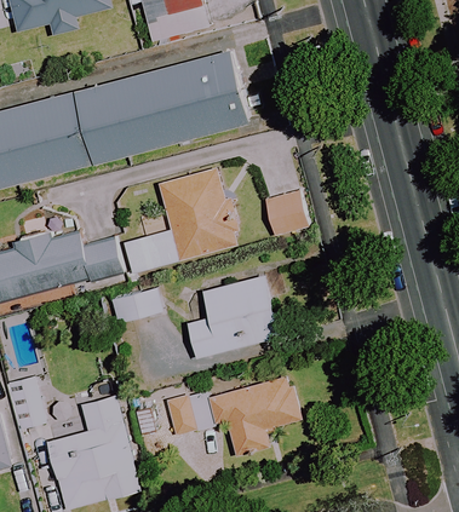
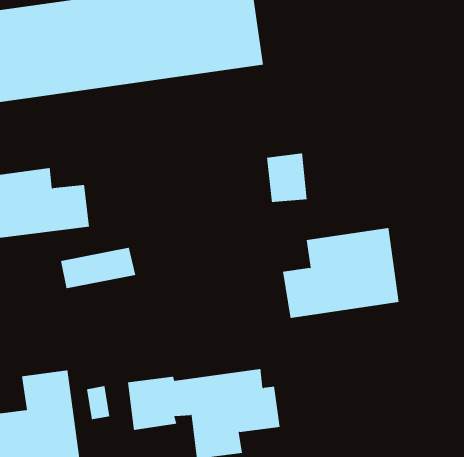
building: [121,168,241,274] -> none
building: [184,274,286,359] -> [282,228,399,319]

